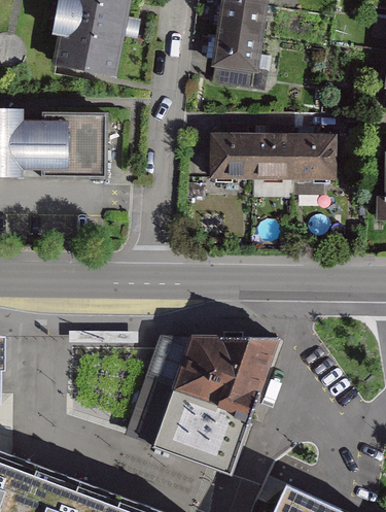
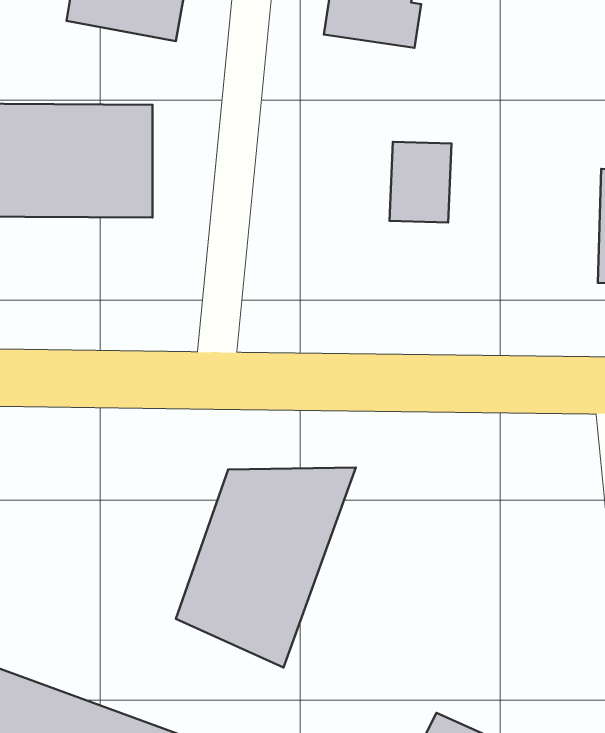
building: [208,134,254,184] -> none
building: [288,137,336,186] -> none
building: [187,336,274,472] -> none

